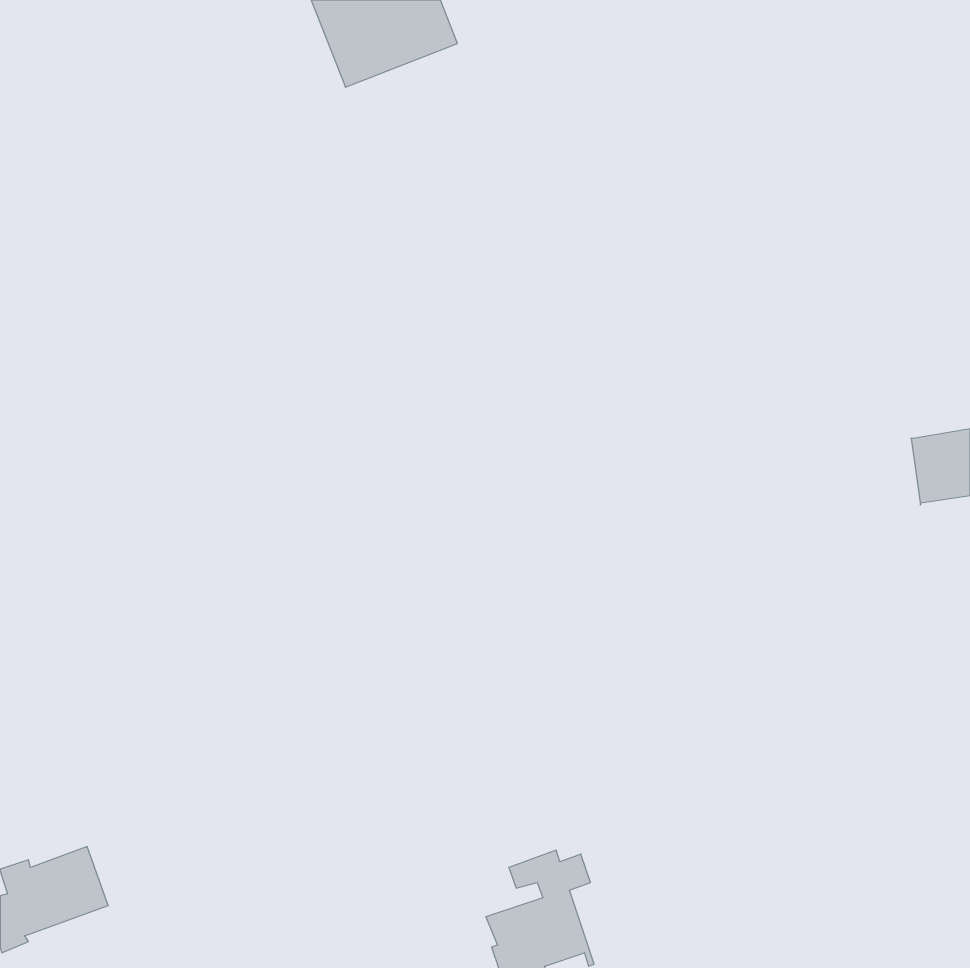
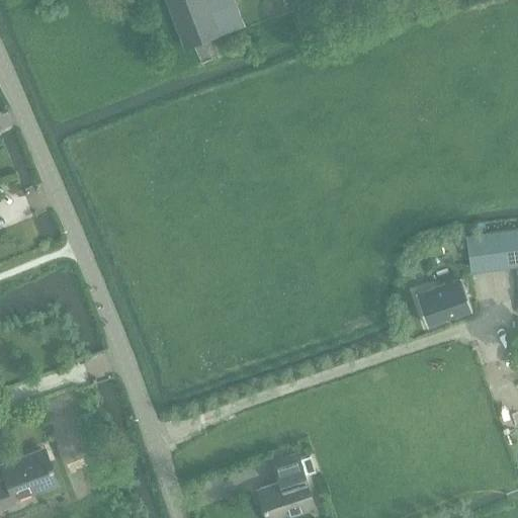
building: none -> [465,235,491,272]
building: none -> [415,277,471,326]

